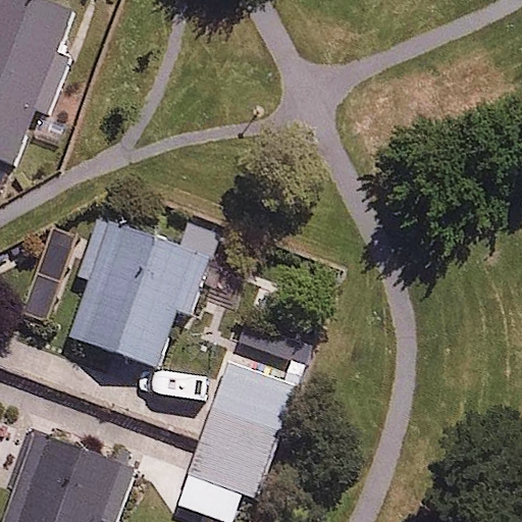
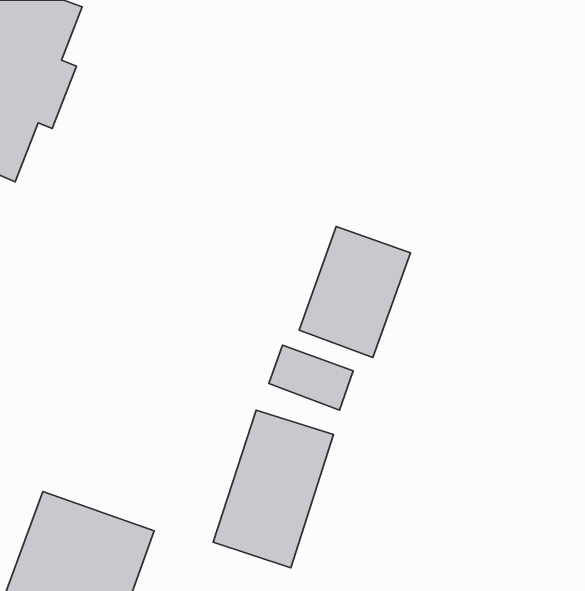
building: none -> [299,226,411,357]
building: [69,217,210,368] -> none

